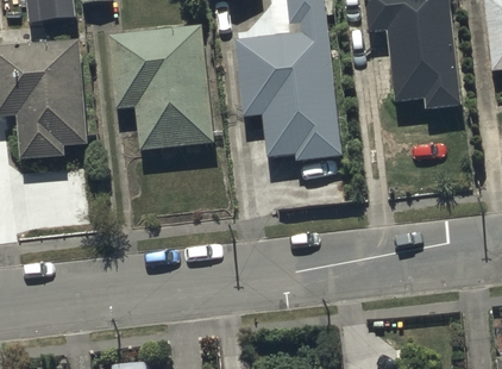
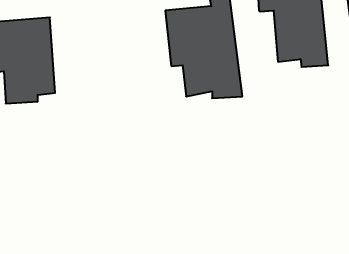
building: [107,25,213,152] -> none

